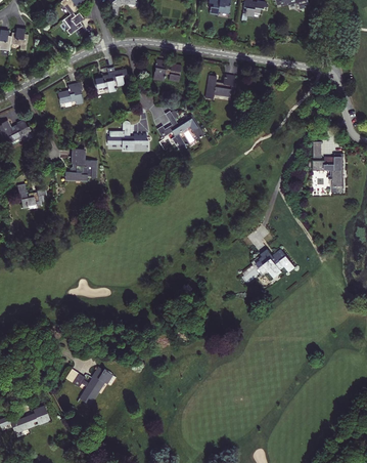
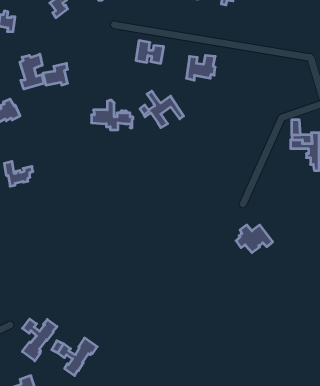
building: [97,68,127,92] -> none
building: none -> [20,54,44,89]
building: [64,149,97,180] -> none
building: none -> [22,319,57,361]

